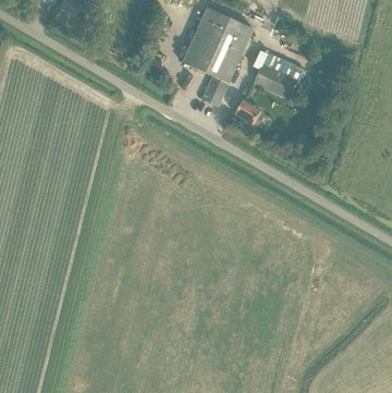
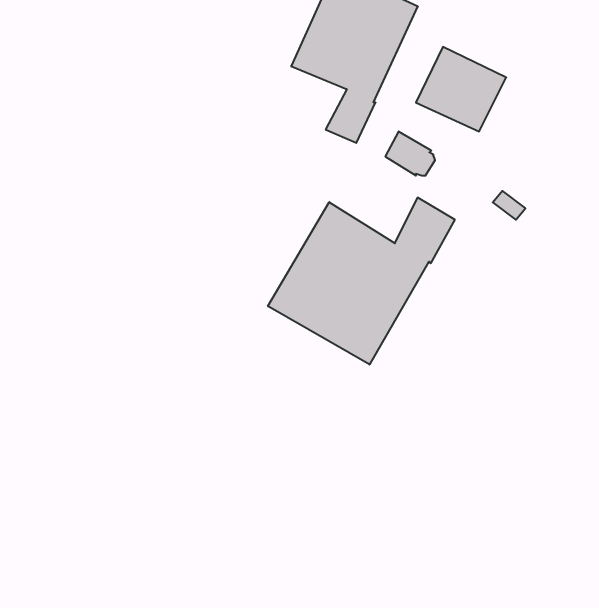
building: none -> [268,197,455,365]

